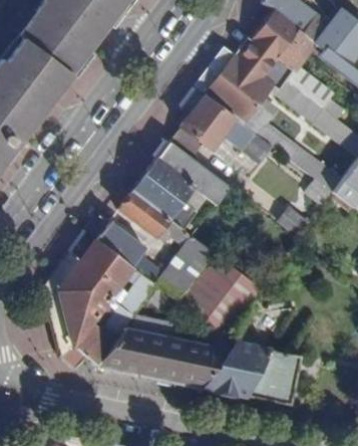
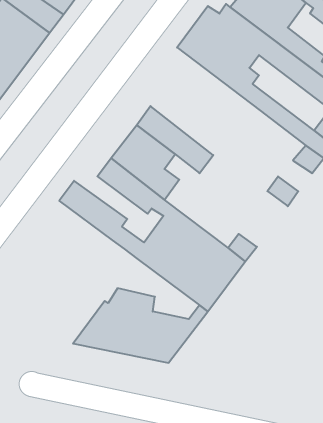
building: [174,87,275,165] -> none
building: [46,232,158,370] -> none
building: [189,337,306,407] -> none

